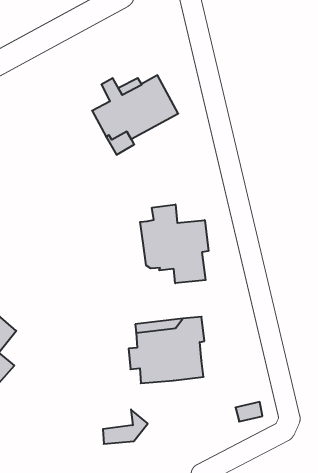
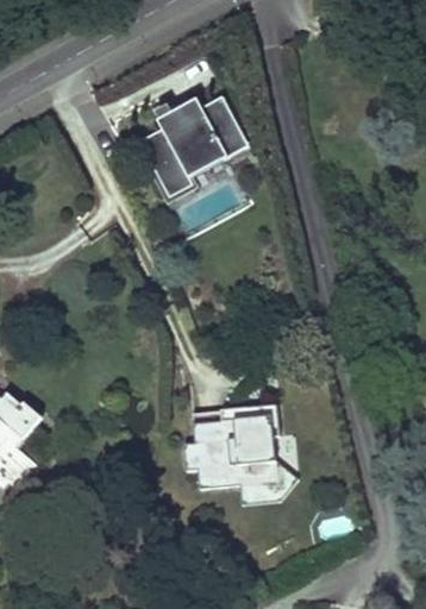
building: [140,204,208,283] -> none
building: [103,409,148,444] -> [240,459,297,503]

